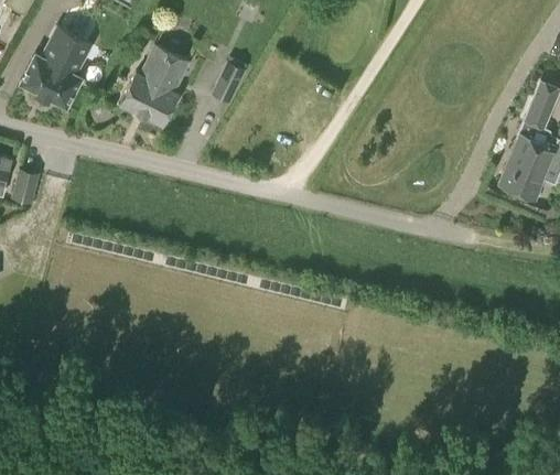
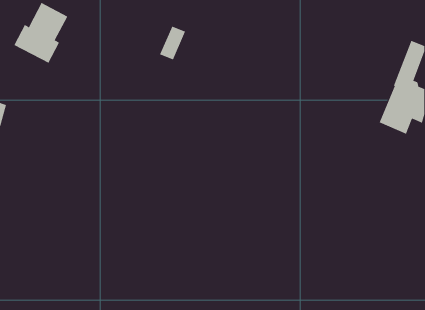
building: [120,46,189,126] -> none
building: [11,171,39,205] -> none

